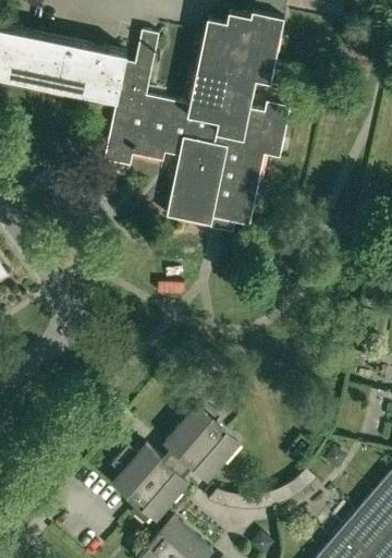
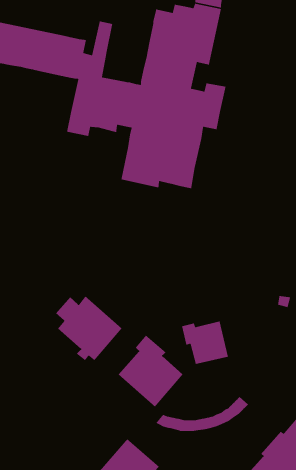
building: none -> [181,321,229,365]
building: [111,446,189,522] -> [55,296,123,361]

